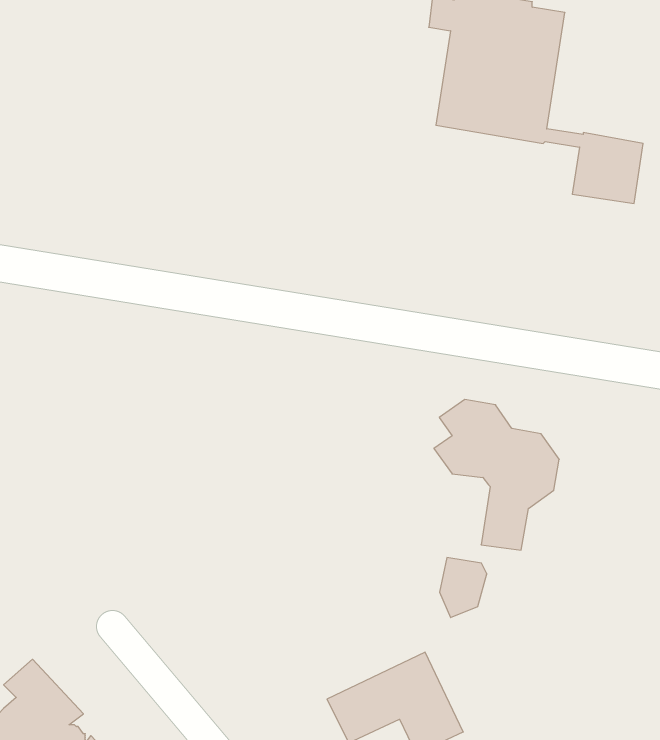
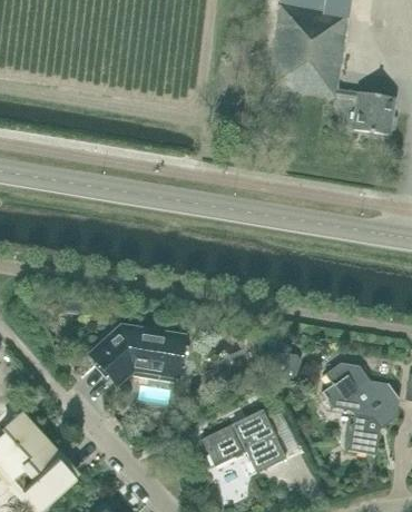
building: [434,399,559,550] -> [323,362,400,454]
building: none -> [91,326,185,384]

